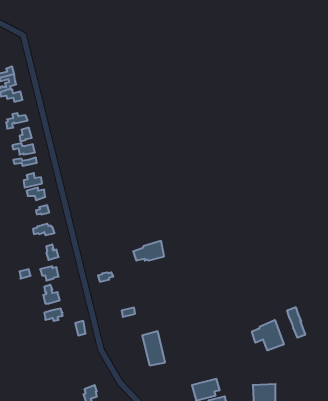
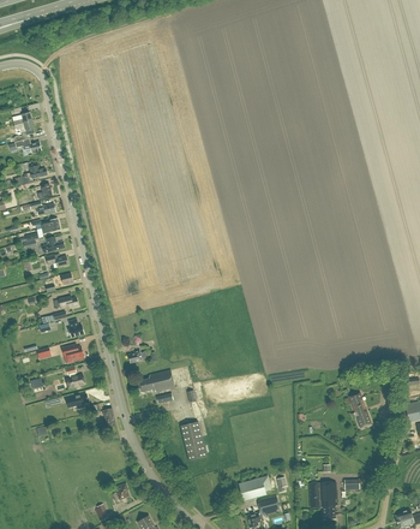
building: [133,241,164,261] -> [139,369,175,392]
building: [252,320,284,350] -> none

